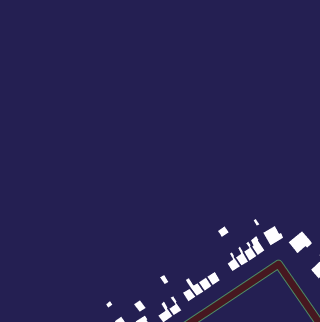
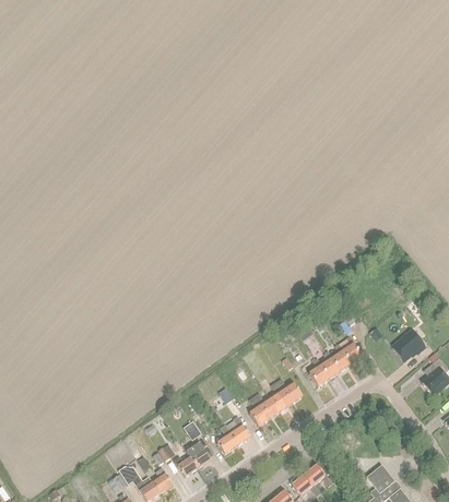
building: [262,225,284,246] -> none

